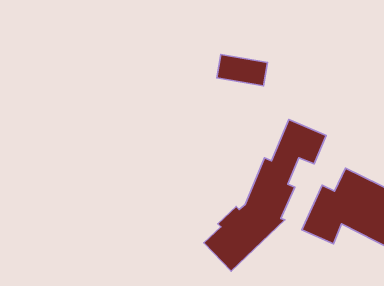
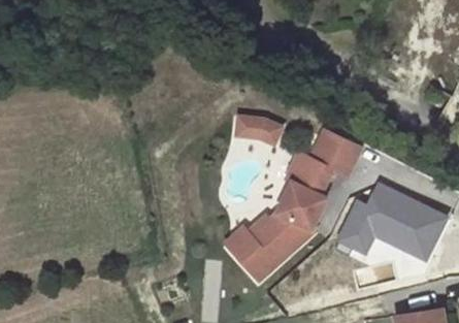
building: [217,54,268,86] -> [237,111,289,143]

